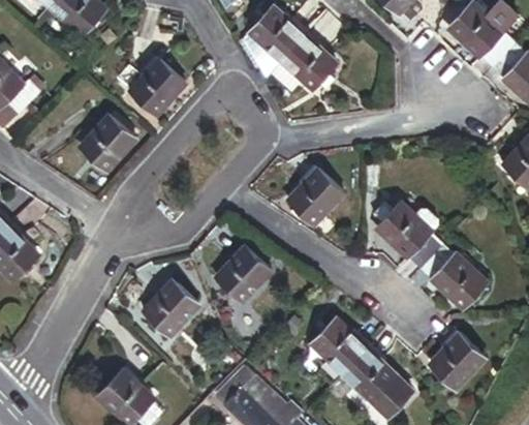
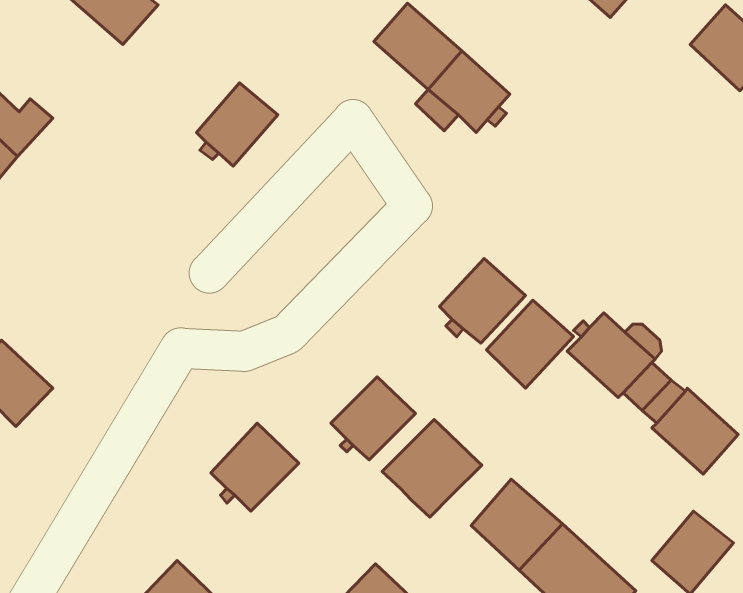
building: [84,113,136,168] -> none
building: none -> [486,300,573,388]
building: none -> [382,420,482,517]

